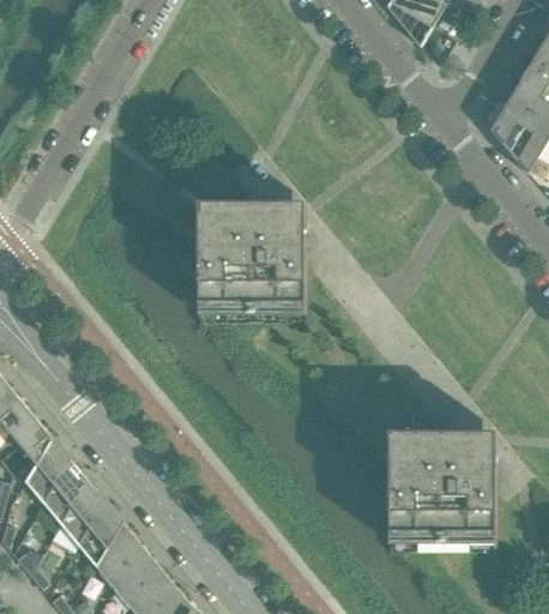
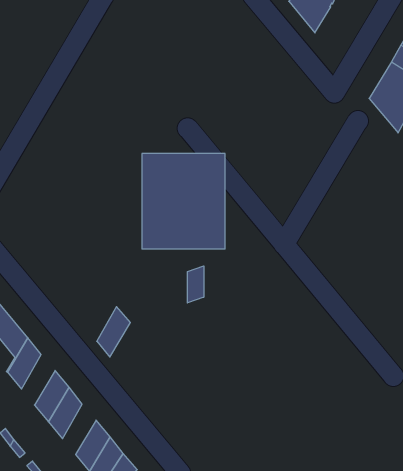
building: none -> [187,266,204,303]
building: [388,428,495,550] -> none
building: [43,458,86,523] -> [97,307,130,357]
building: [96,522,139,586] -> none

